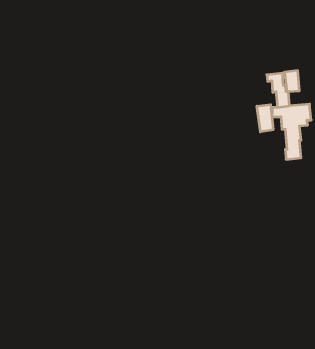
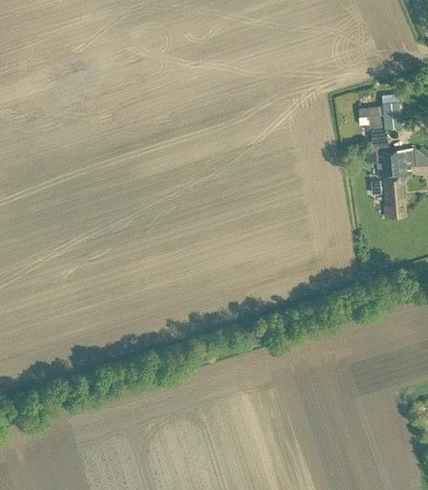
building: [257,105,273,132] -> none

